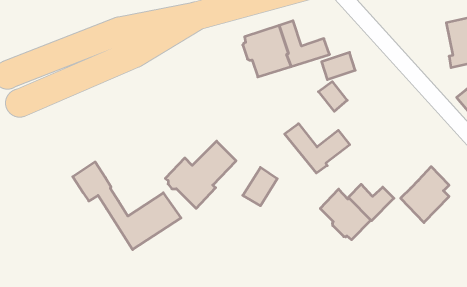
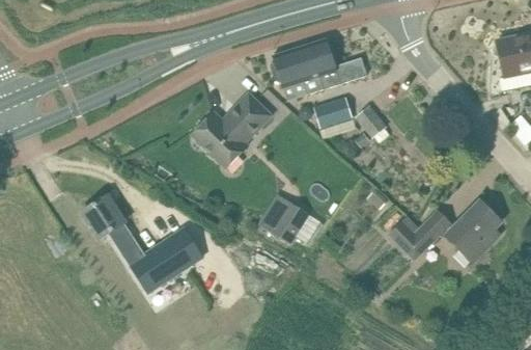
building: [322,52,355,80] -> [314,97,352,127]
building: [285,124,350,173] -> none
building: [165,141,236,208] -> [192,92,271,167]
building: [320,189,371,240] -> none

